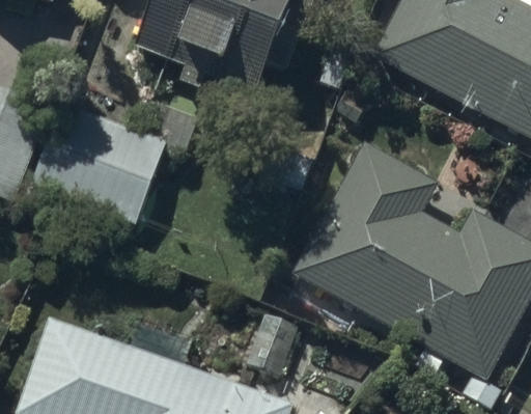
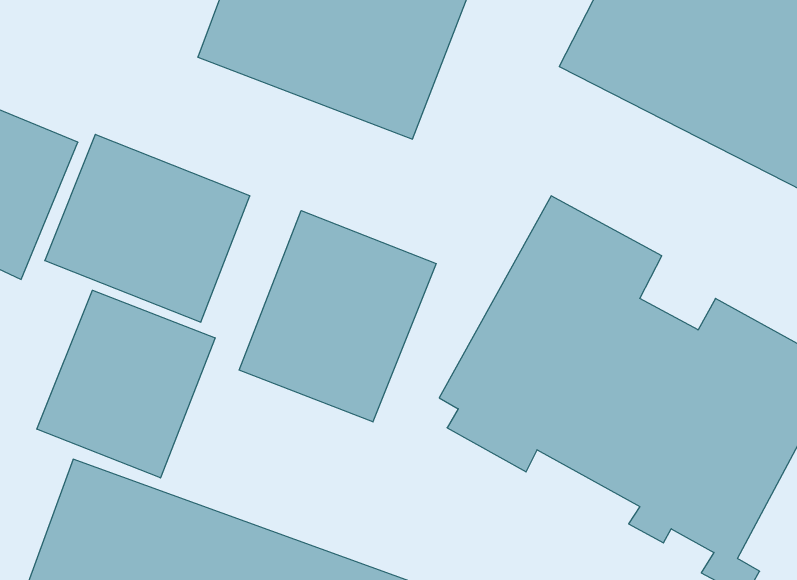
building: none -> [239,211,436,422]
building: none -> [37,290,215,478]

